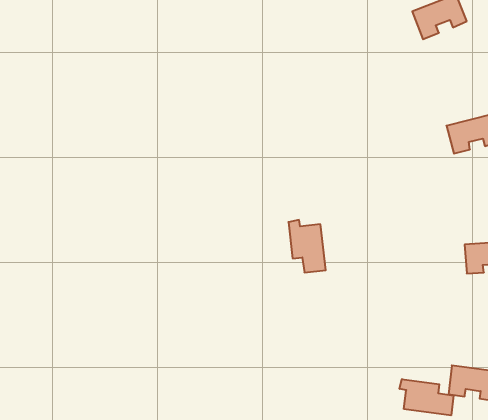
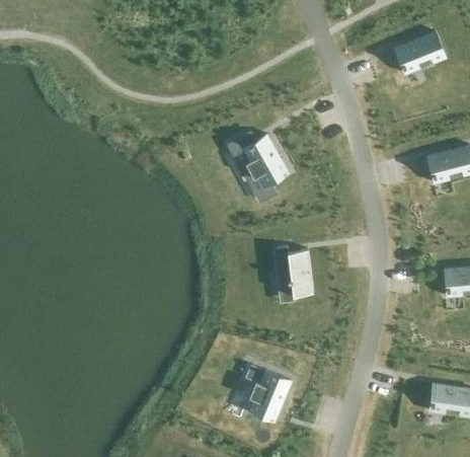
building: none -> [242,134,288,185]
building: none -> [248,369,291,421]
building: [400,379,454,415] -> none

